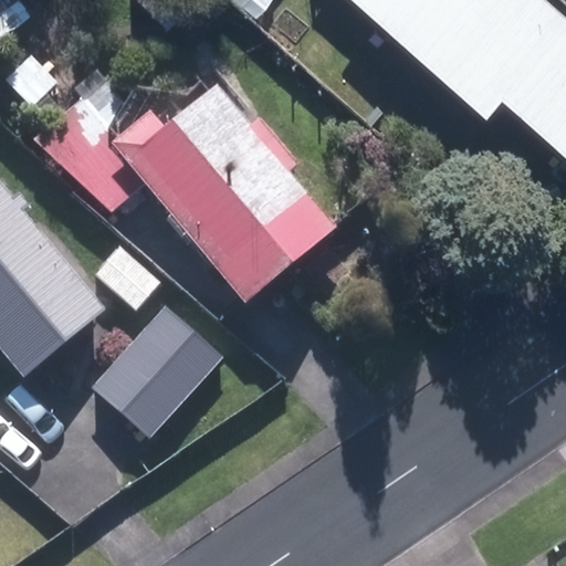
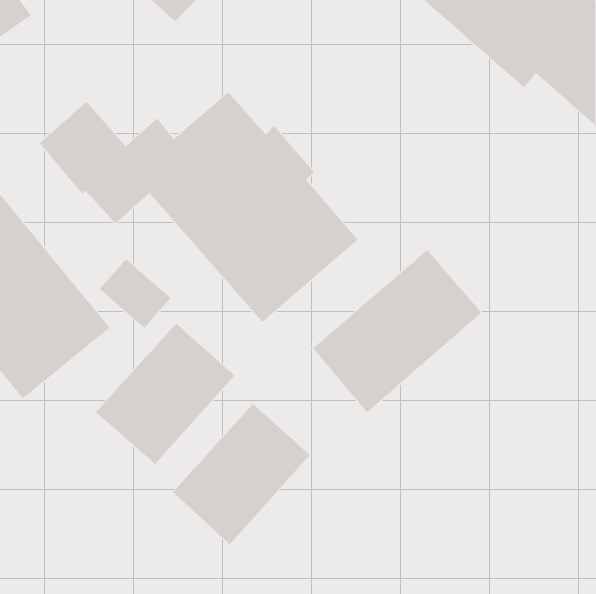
building: none -> [312,249,482,413]
building: none -> [172,403,311,545]

